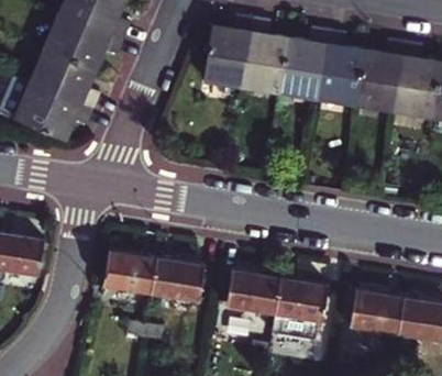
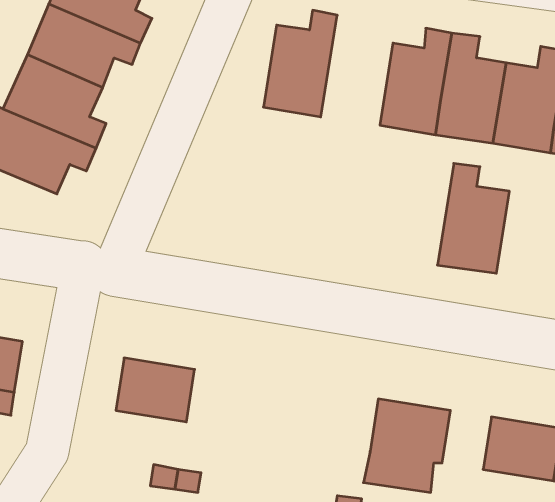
building: [242,21,290,95] -> [437,163,509,273]
building: [152,258,205,301] -> none
building: [226,270,280,313] -> none

